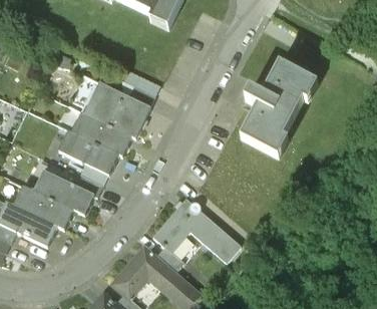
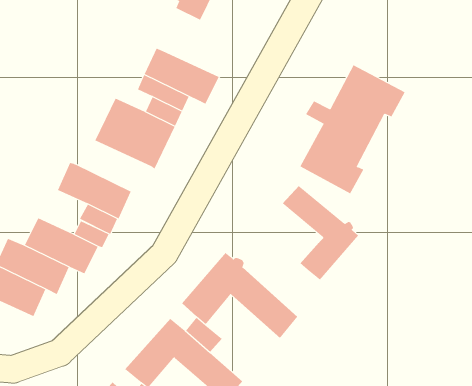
building: [76,115,131,157] -> [144,48,220,104]
building: none -> [282,185,359,281]

